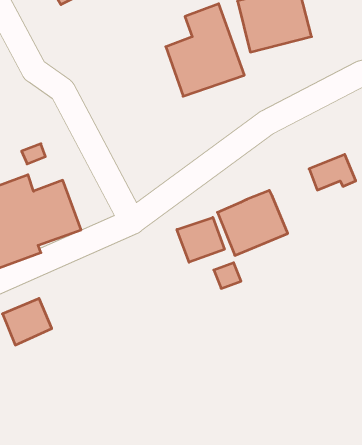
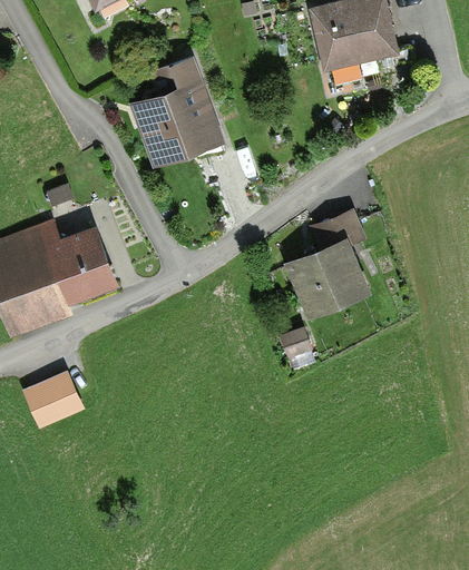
building: [166,4,244,96] -> [128,56,224,168]
building: [309,154,356,190] -> [310,207,367,250]
building: [177,217,224,262] -> none

